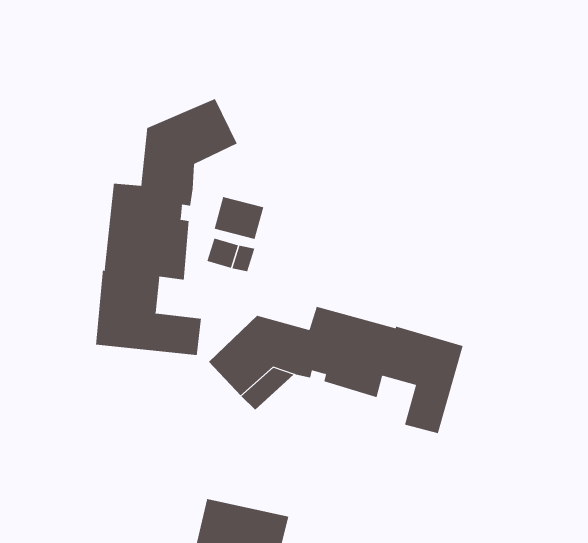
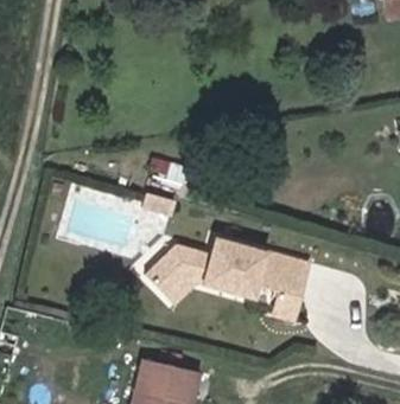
building: [95,98,237,356] -> none

